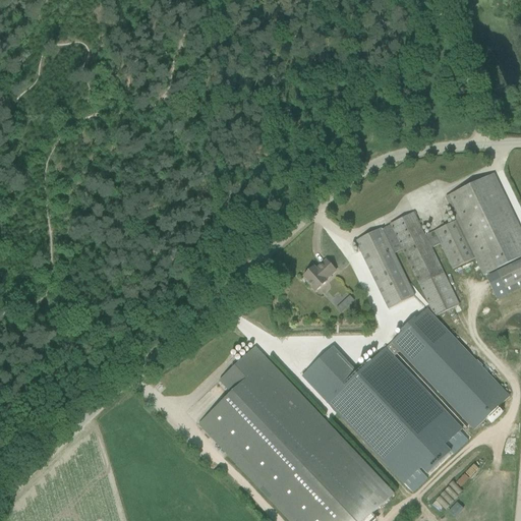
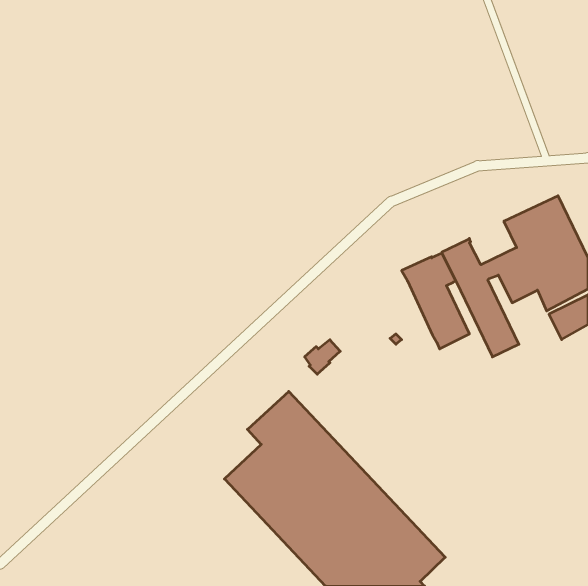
building: [304,259,336,290] -> [305,340,340,374]
building: [391,309,508,429] -> none
building: [303,346,463,482] -> none

